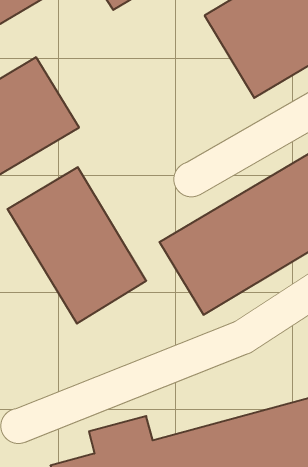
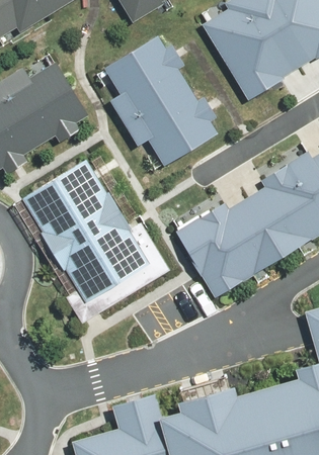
building: none -> [111,42,221,170]

